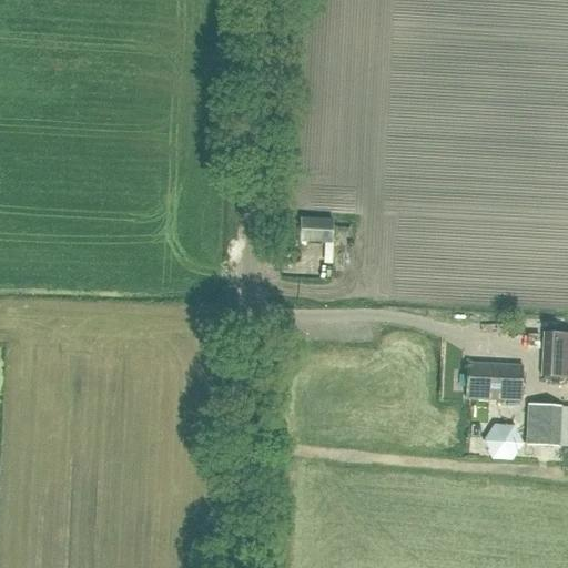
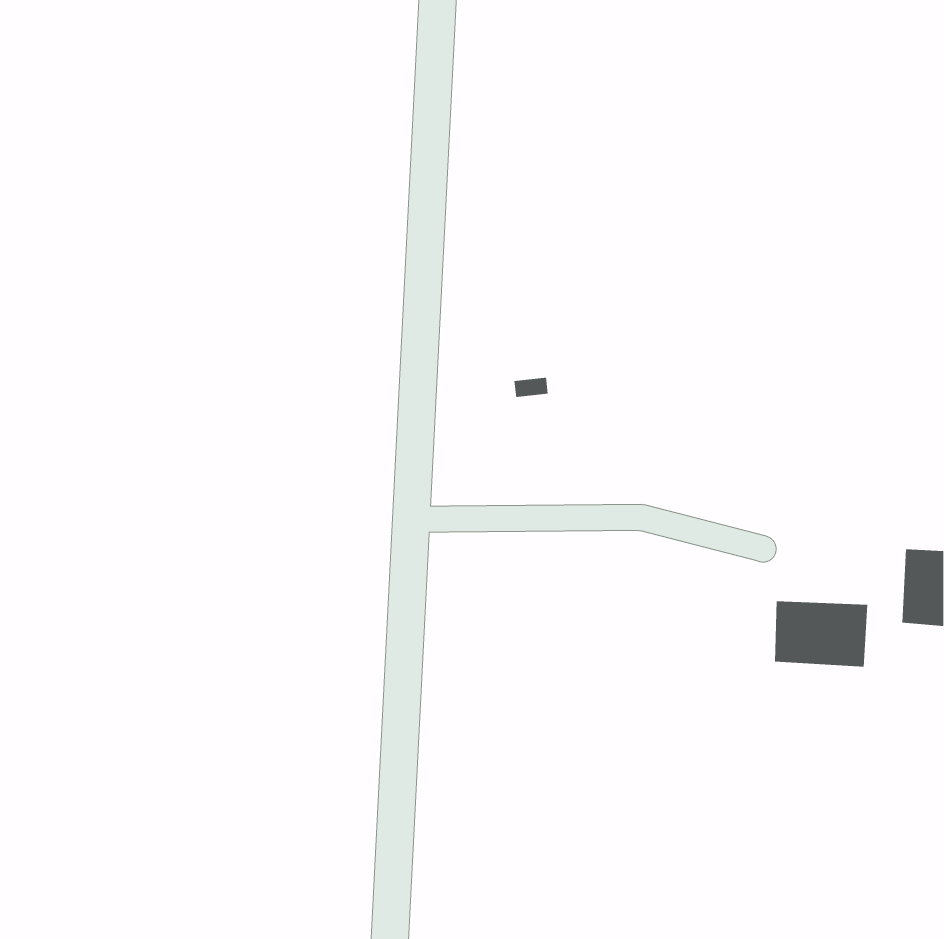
building: [537,403,560,445] -> none
building: [488,424,521,458] -> none

